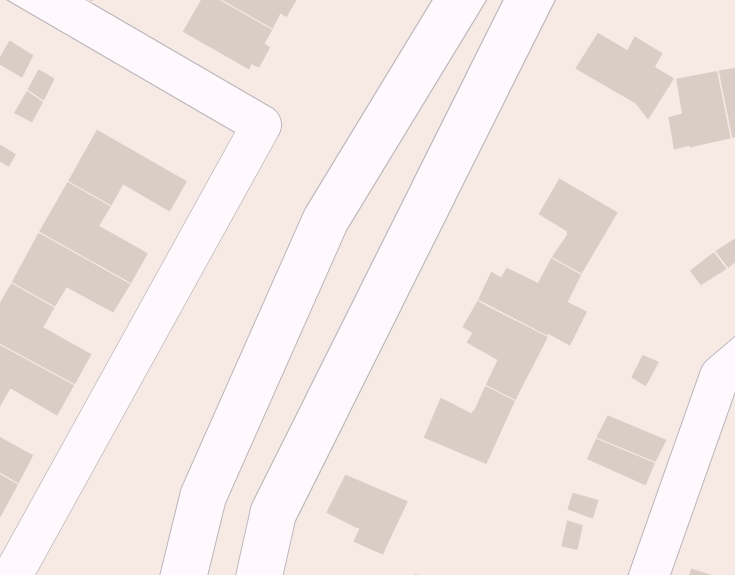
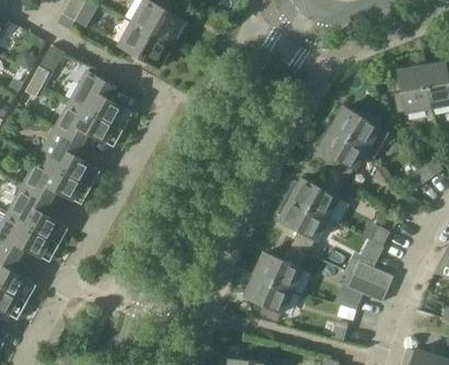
building: [574,32,675,121] -> [332,107,389,158]
building: none -> [71,72,133,130]
building: [325,474,409,556] -> [244,275,291,321]

